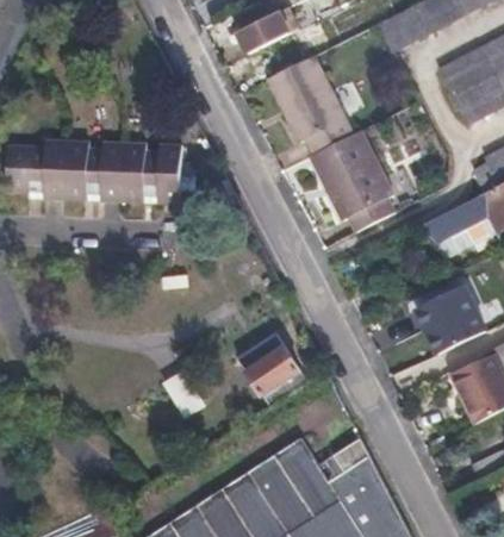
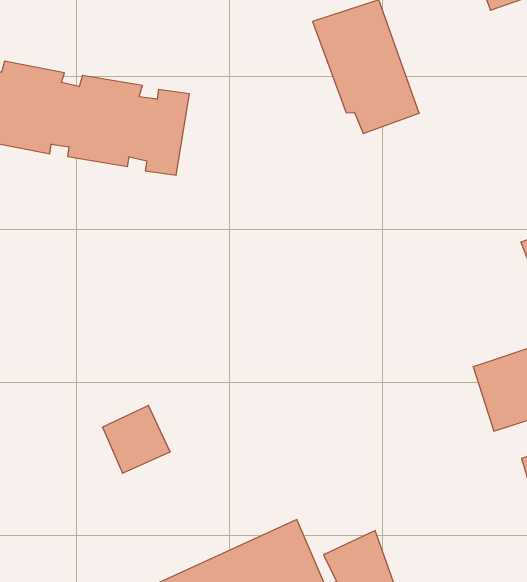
building: [307,130,392,231] -> none
building: [238,333,309,407] -> none

